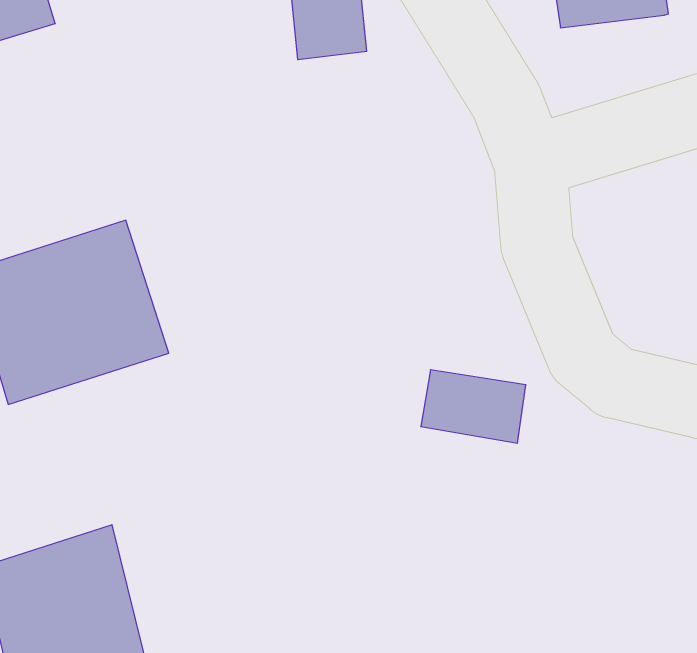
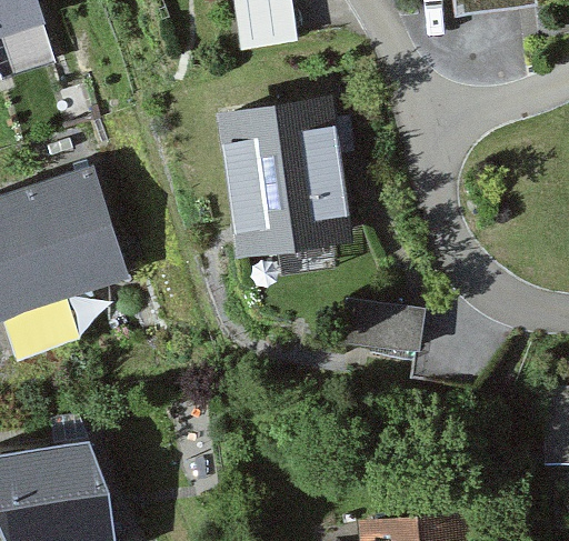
building: none -> [214,97,346,257]

